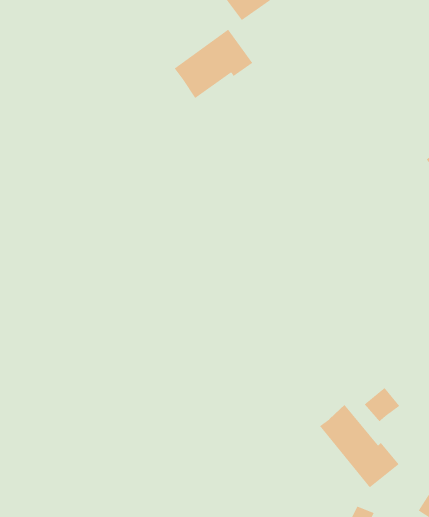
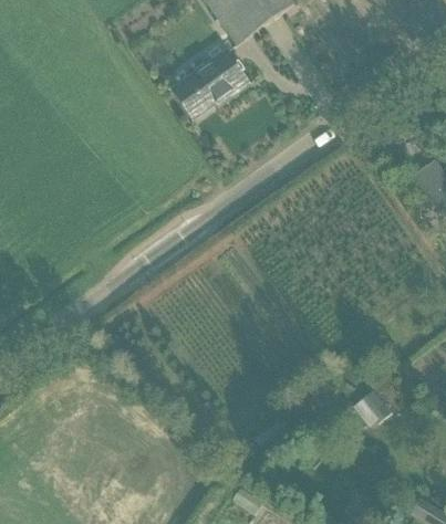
building: [319,404,399,488] -> none

